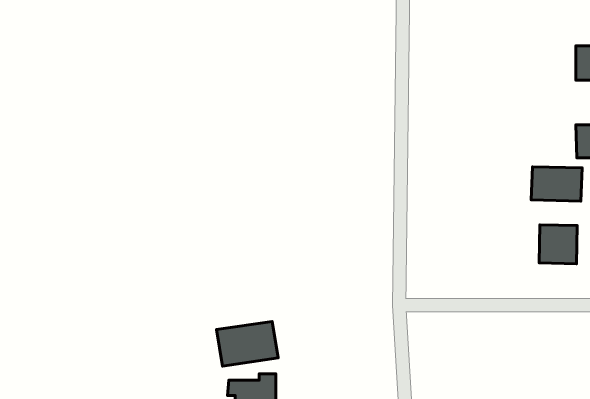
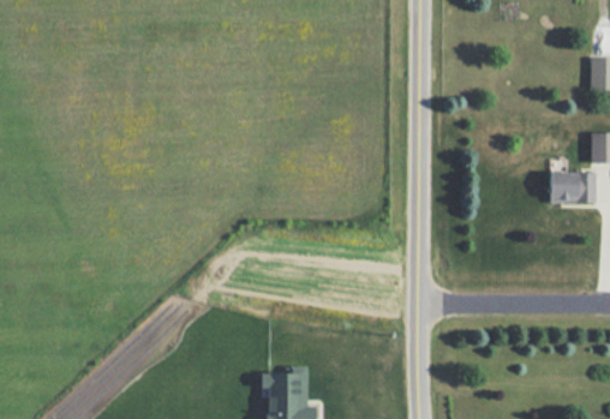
building: [539,225,577,264] -> none
building: [217,321,278,366] -> none

